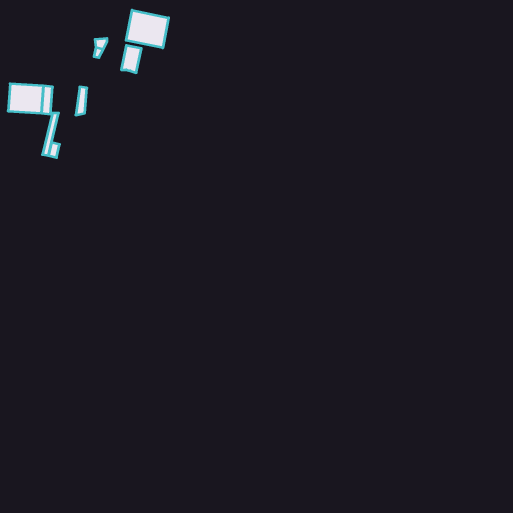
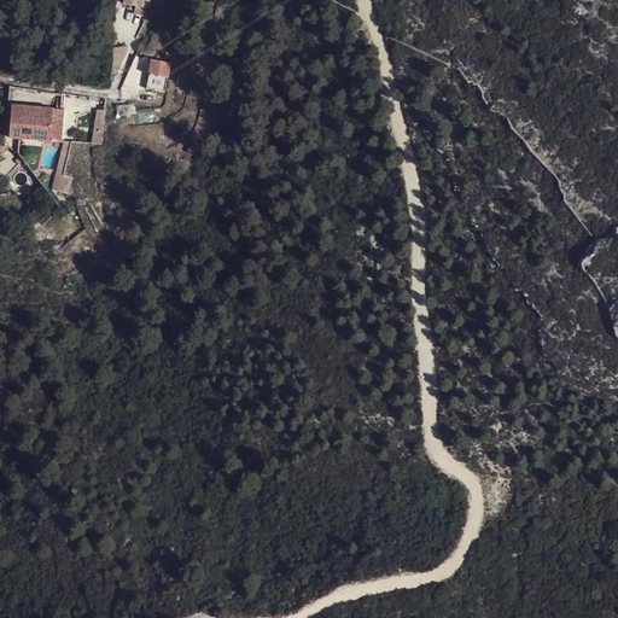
building: [126,10,169,48] -> none

